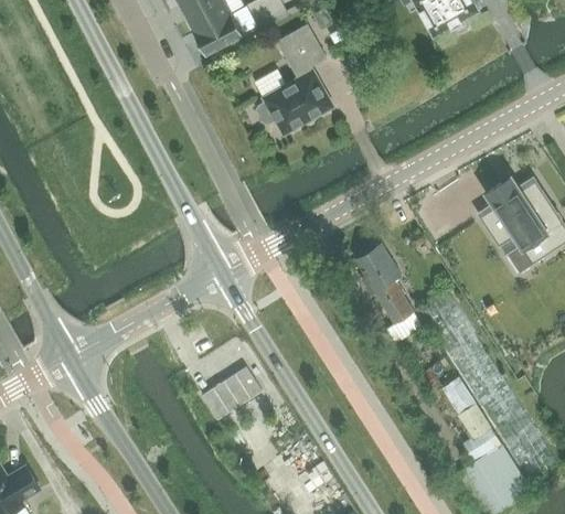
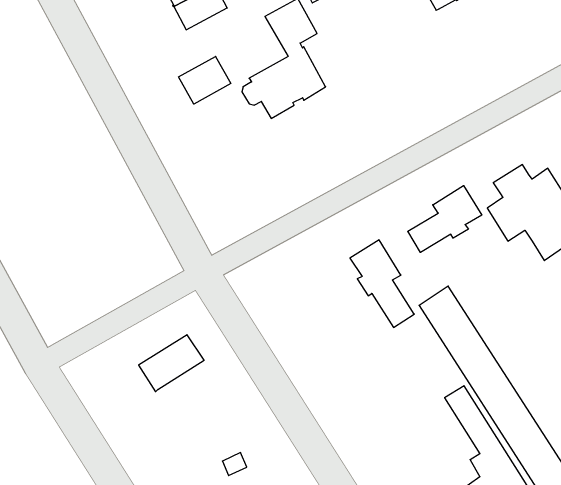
building: none -> [179,56,231,104]
building: none -> [408,186,482,252]
building: [201,366,260,418] -> [139,335,204,392]

